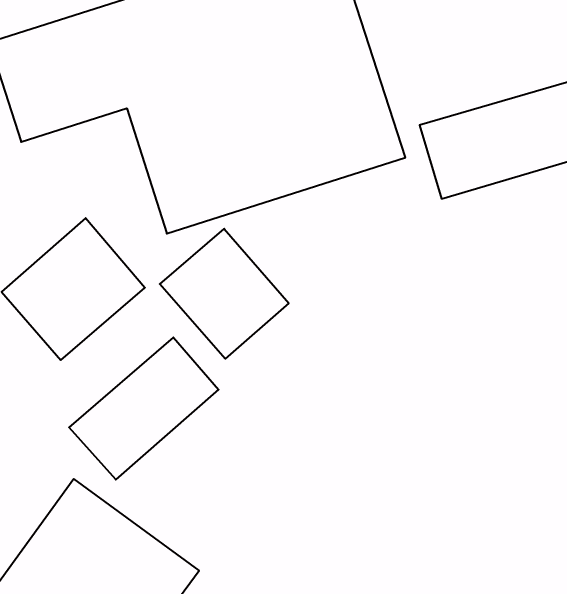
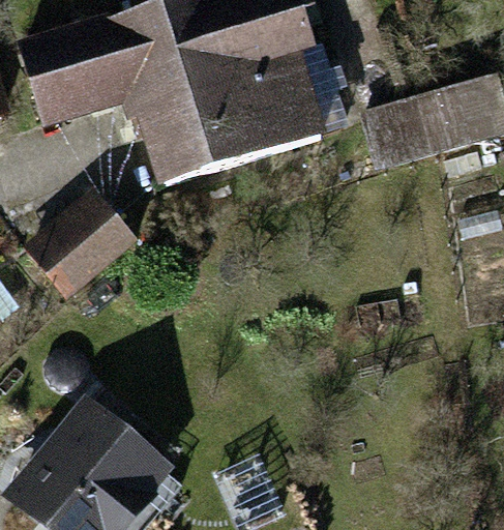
building: [160,229,289,359] -> none
building: [69,337,219,480] -> none

